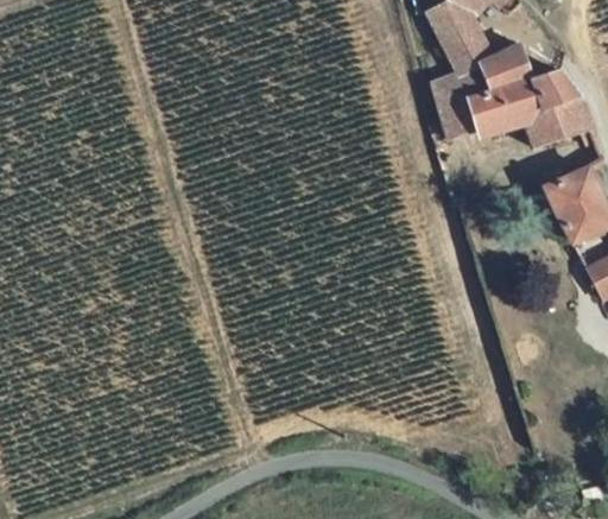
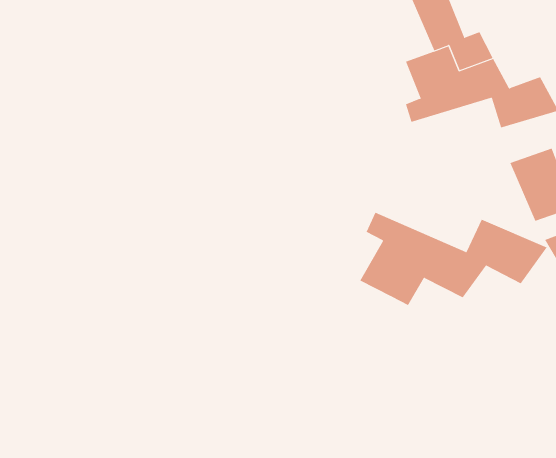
building: [527,64,576,106] -> none
building: none -> [359,212,548,306]

